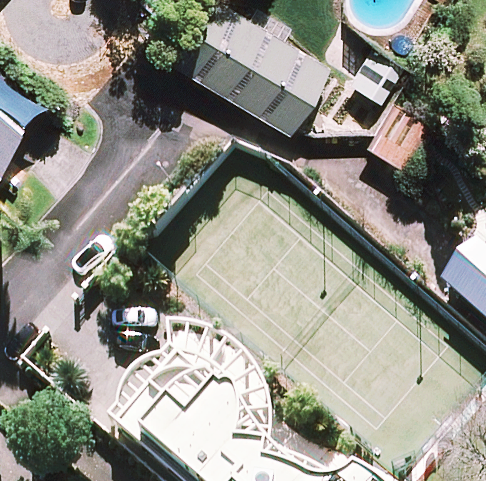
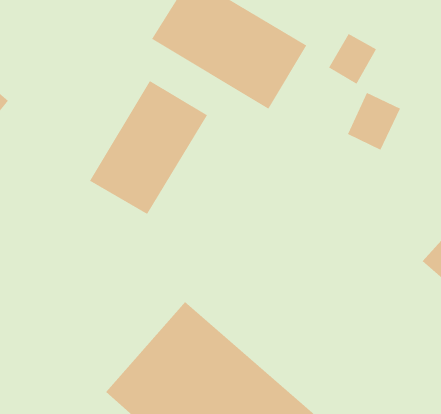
building: none -> [89,80,208,215]

